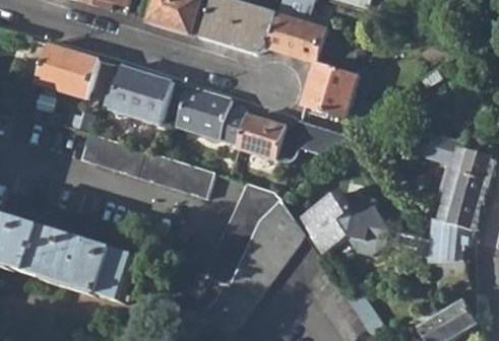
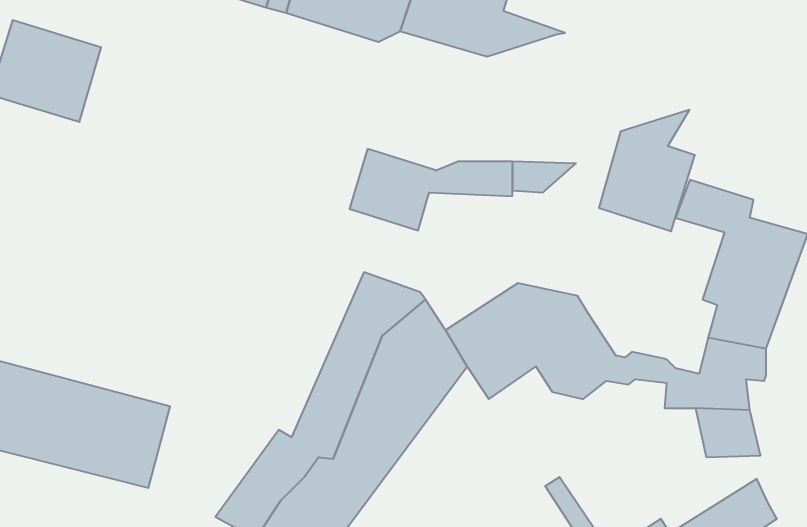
building: [303,49,357,117] -> [599,110,695,231]
building: [110,64,174,123] -> none
building: [180,84,248,143] -> none
building: [79,133,215,196] -> none

